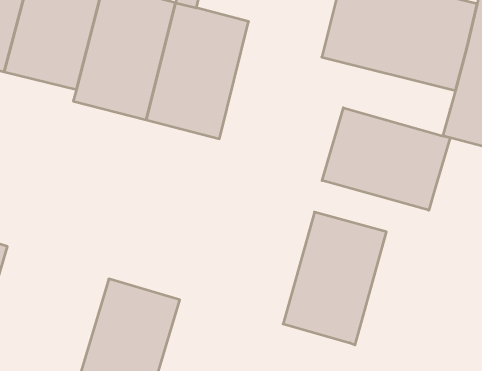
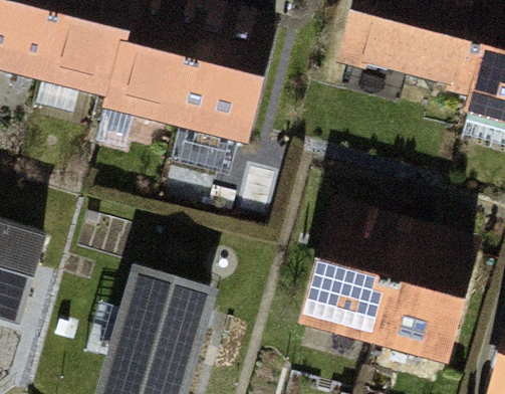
building: [322,108,450,210] -> none
building: none -> [375,231,474,359]

